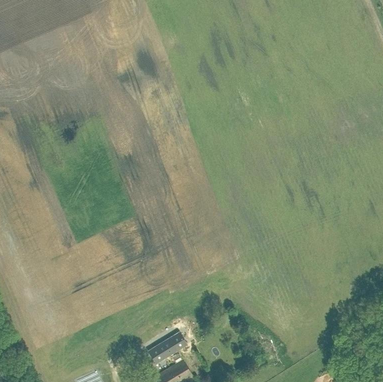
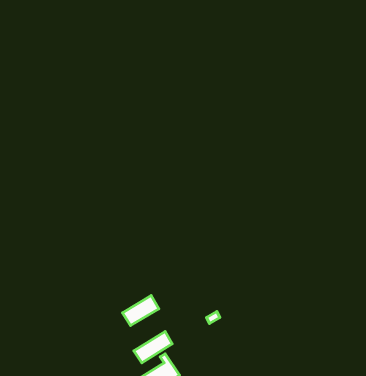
building: none -> [123,295,159,326]

